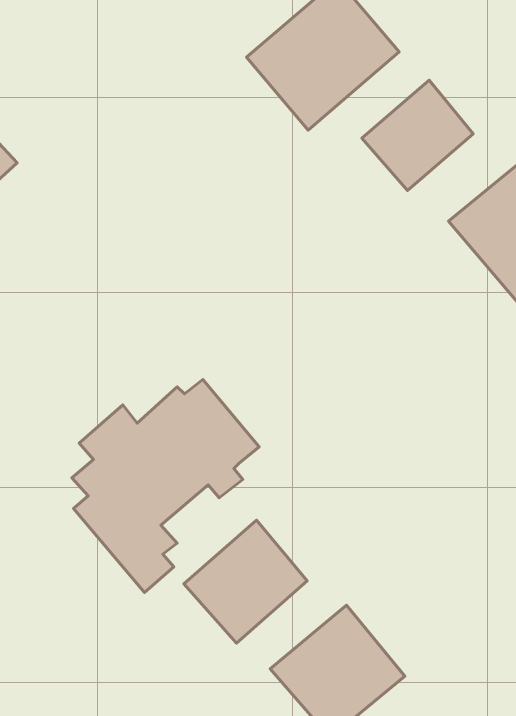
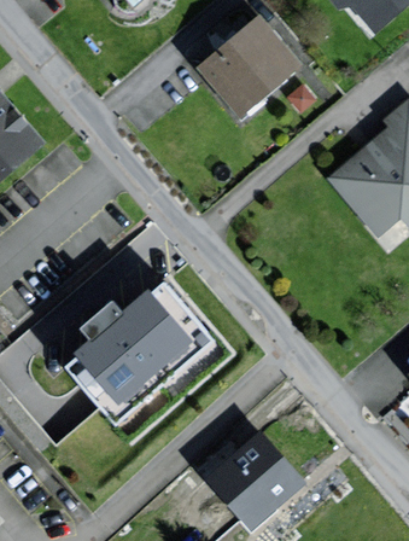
building: [362,80,473,190] -> none
building: [184,520,307,643] -> none

